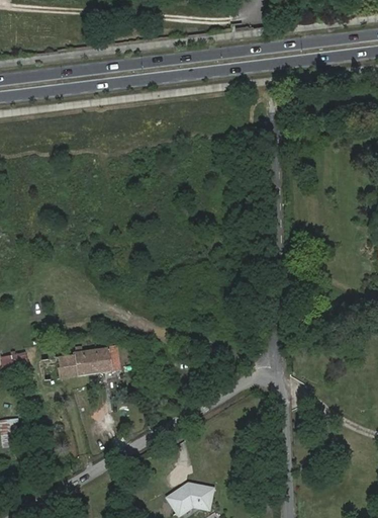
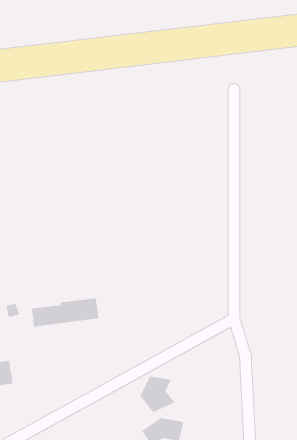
building: none -> [140,376,176,413]

